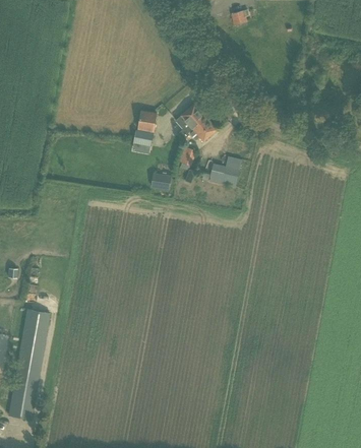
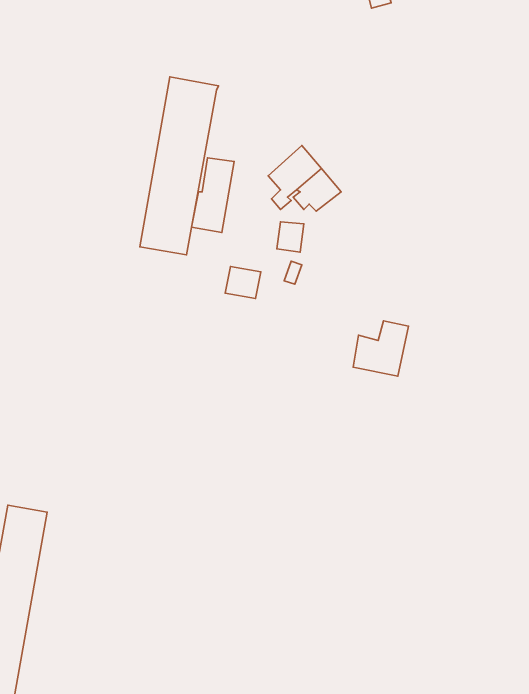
building: none -> [140,77,218,255]
building: [210,154,242,186] -> [353,321,408,376]

